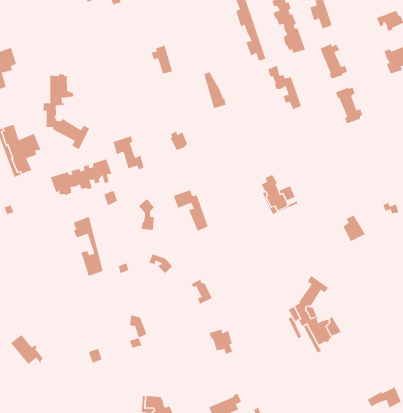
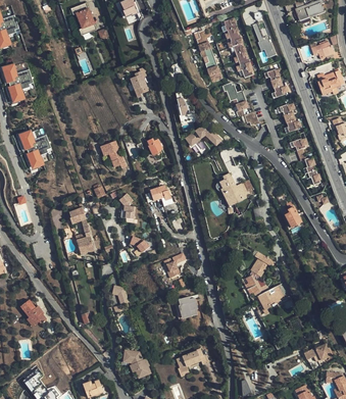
building: [43,74,90,150] -> none
building: none -> [184,123,221,152]
building: none -> [291,139,322,187]
building: [50,159,112,196] -> none

